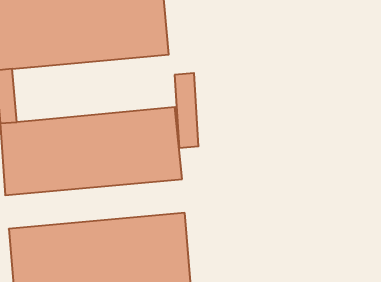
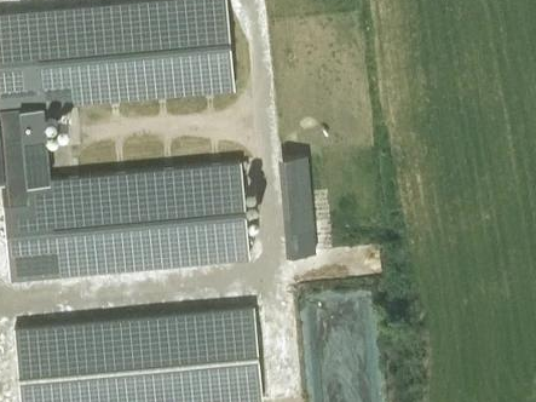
building: none -> [18,108,50,183]
building: [175,73,199,148] -> [284,153,317,254]

